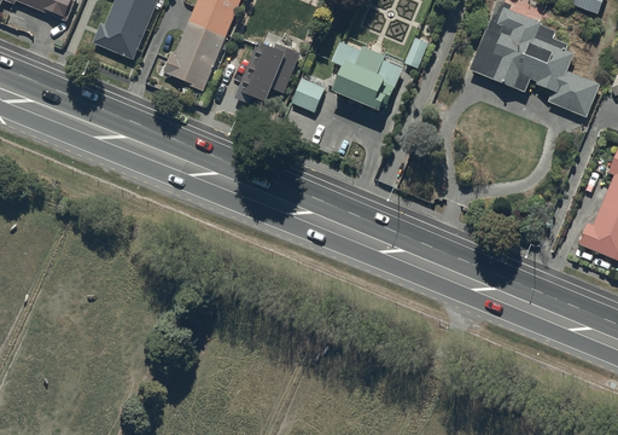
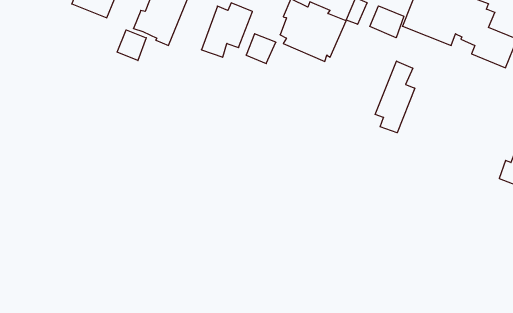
building: none -> [370,6,404,38]
building: none -> [117,30,146,61]
building: none -> [375,61,415,133]

